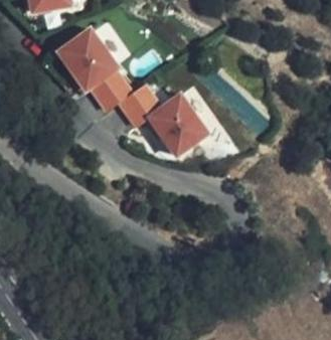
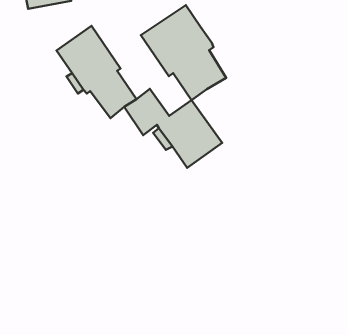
building: none -> [141,5,226,100]

